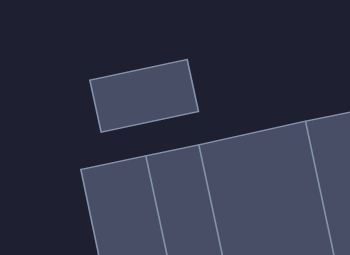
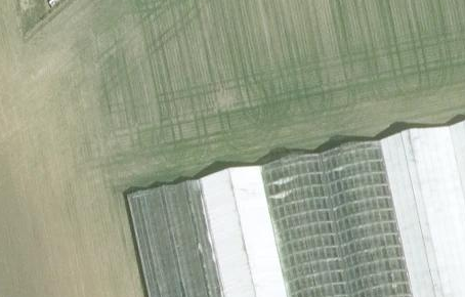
building: [90,59,199,132] -> none

